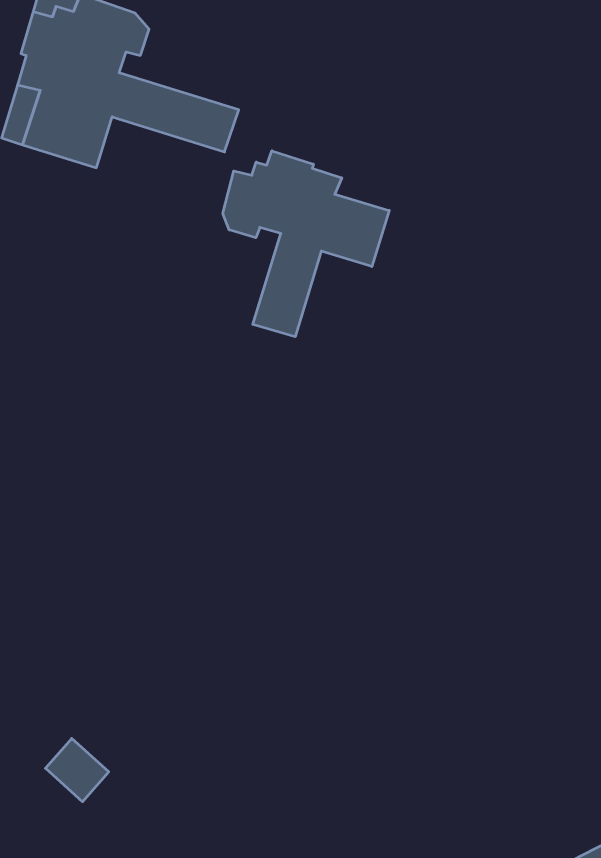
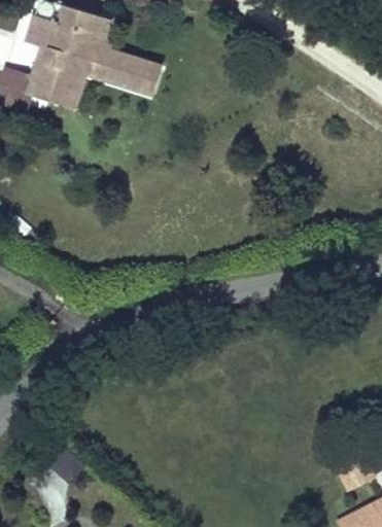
building: [223,151,389,337] -> none

